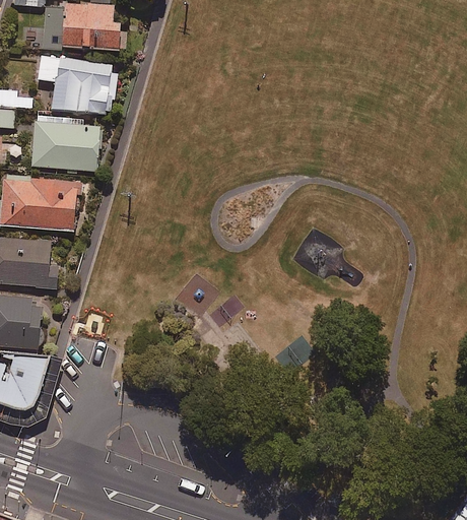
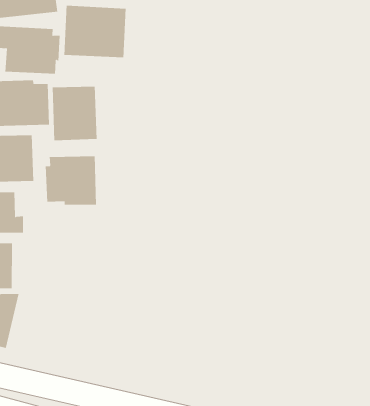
building: none -> [64,5,126,58]
building: none -> [52,86,97,141]
building: none -> [45,156,97,205]

